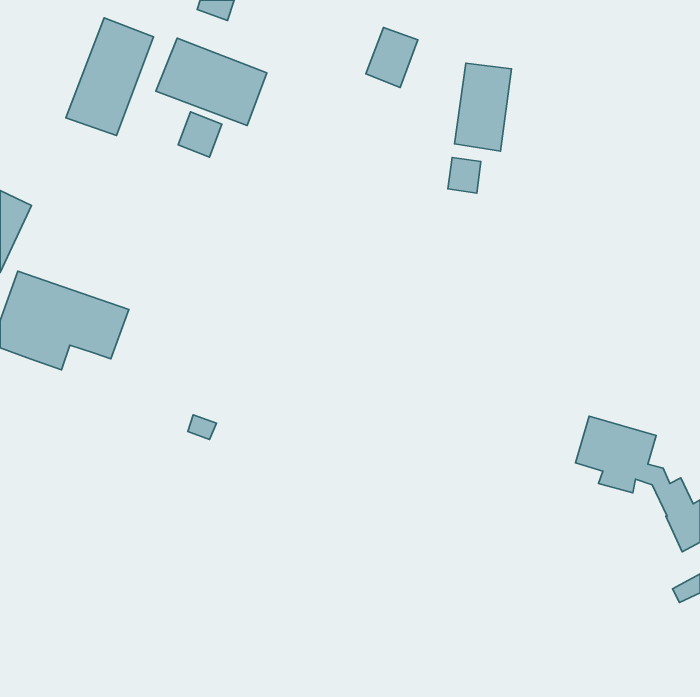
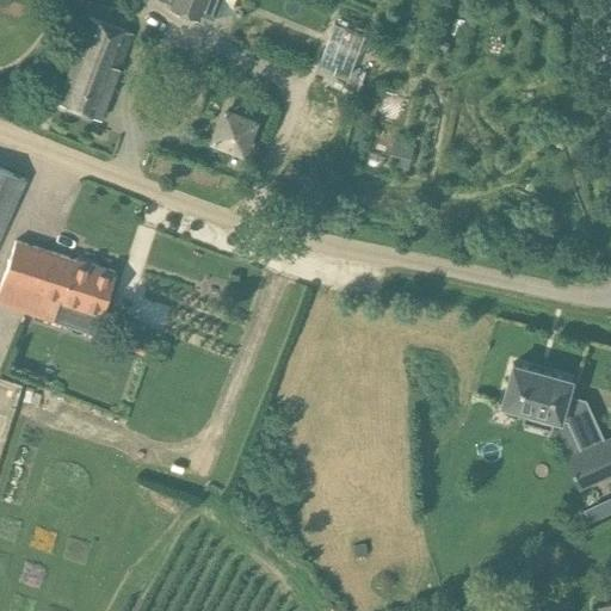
building: [156,38,267,125] -> none
building: [455,63,511,151] -> none
building: [178,112,222,157] -> [212,112,251,152]

